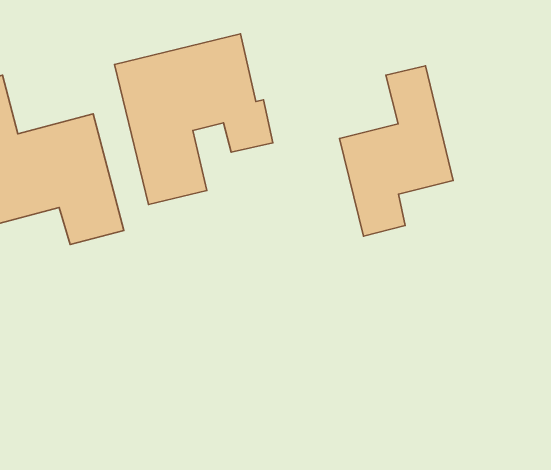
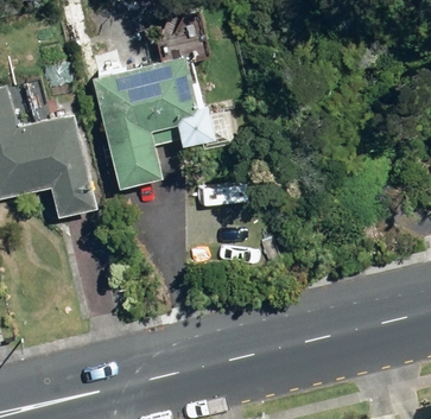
building: [339,66,453,236] -> none

